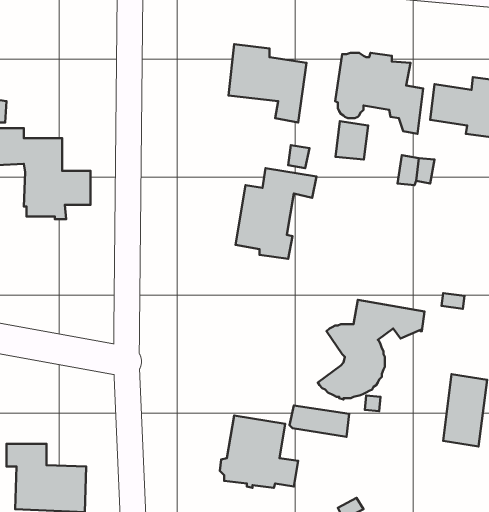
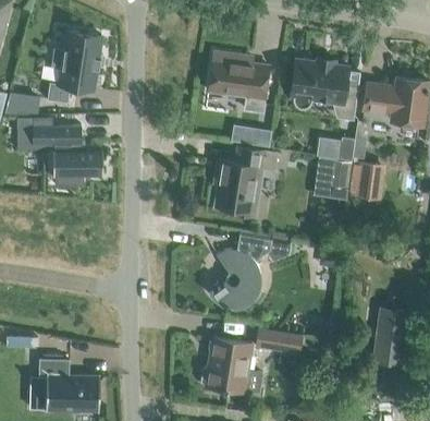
building: none -> [46,32,100,104]
building: [336,121,368,160] -> [325,161,351,191]
building: none -> [357,166,381,199]
building: [318,300,425,400] -> [209,232,291,309]

